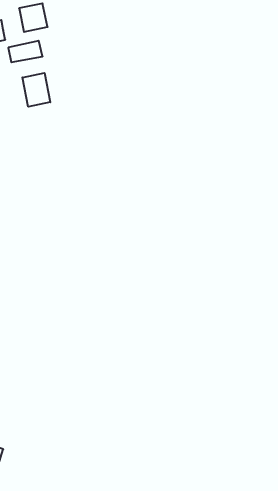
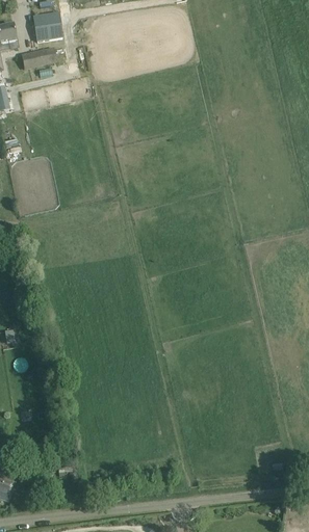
building: [22,73,50,107] -> none

